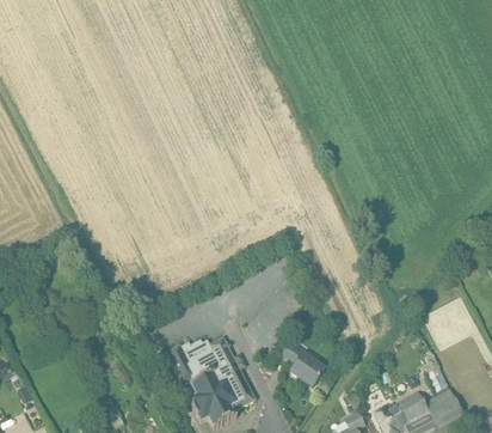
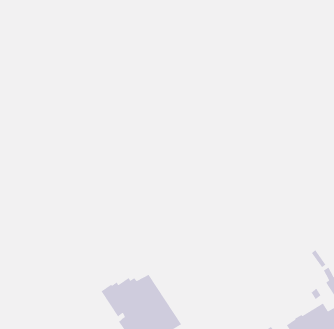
building: [281,340,325,386] -> none

